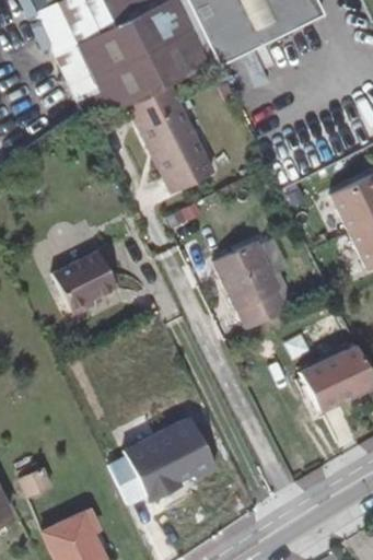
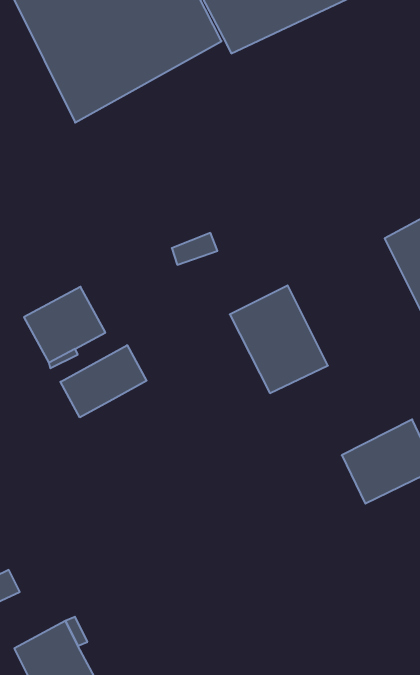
building: [128,85,211,190] -> none
building: none -> [60,345,147,417]
building: [127,420,218,503] -> none

